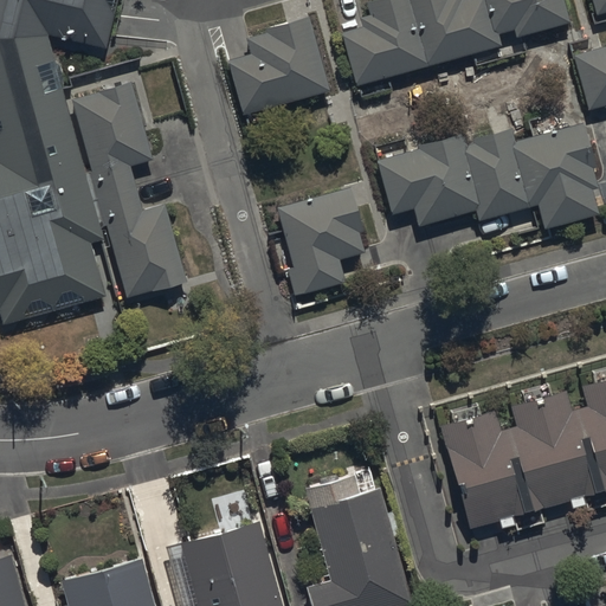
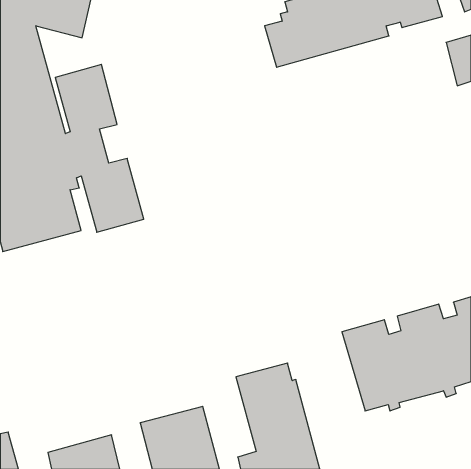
building: [227,17,329,116] -> none
building: [376,123,598,228] -> none
building: [269,187,363,296] -> none

